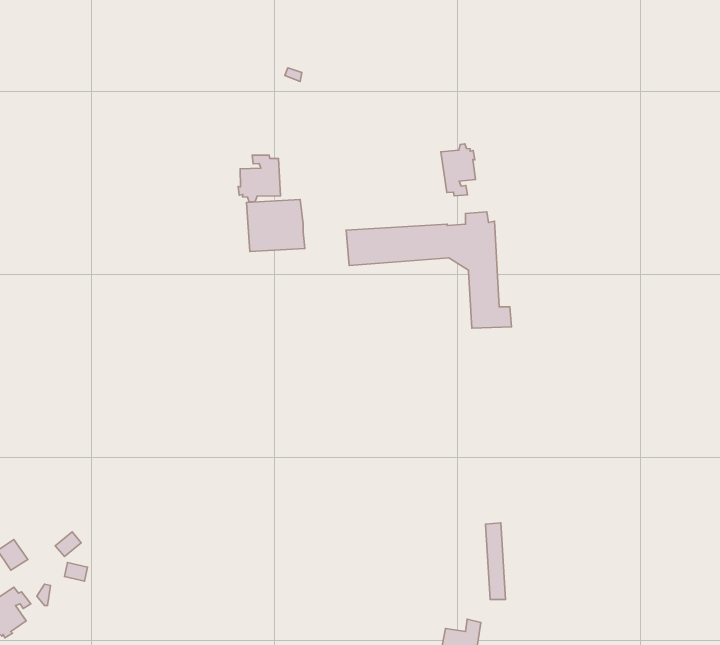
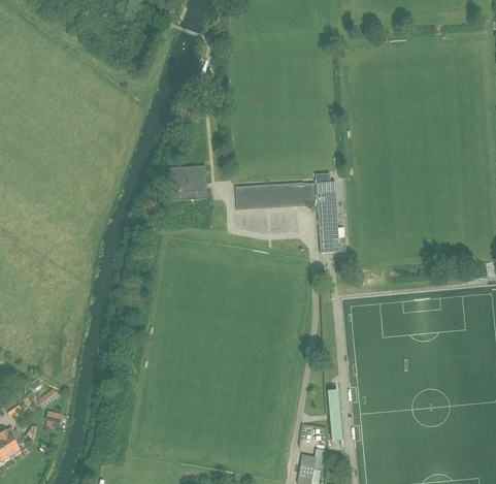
building: [441,144,475,196] -> none
building: [238,155,281,202] -> none

